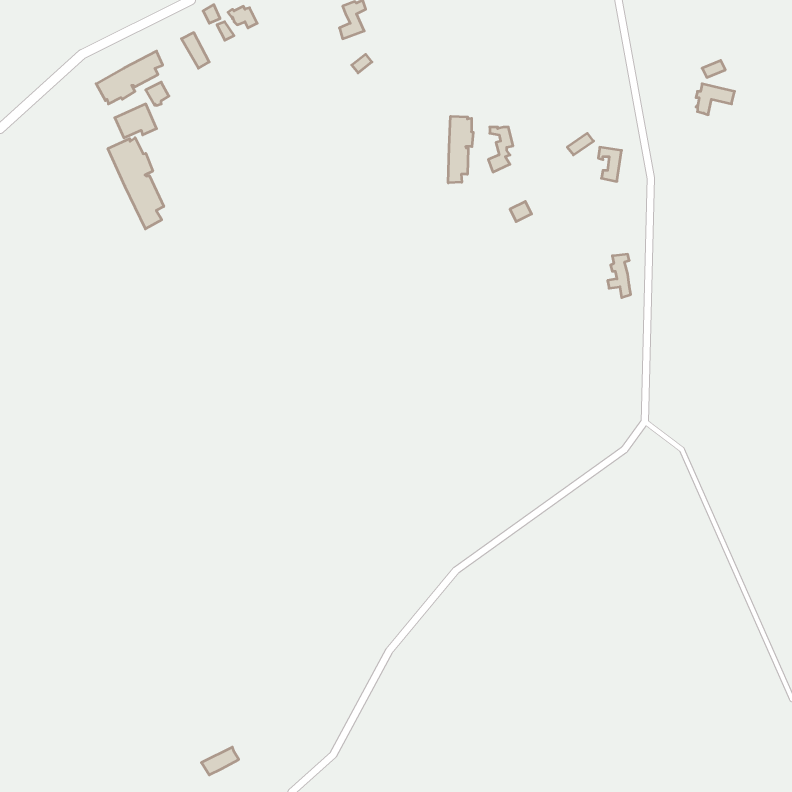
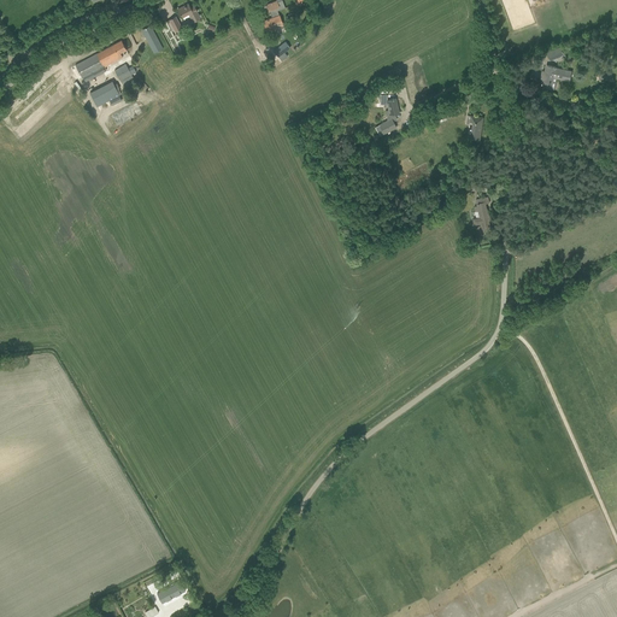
building: [448,116,473,183] -> none
building: [108,138,164,229] -> none

